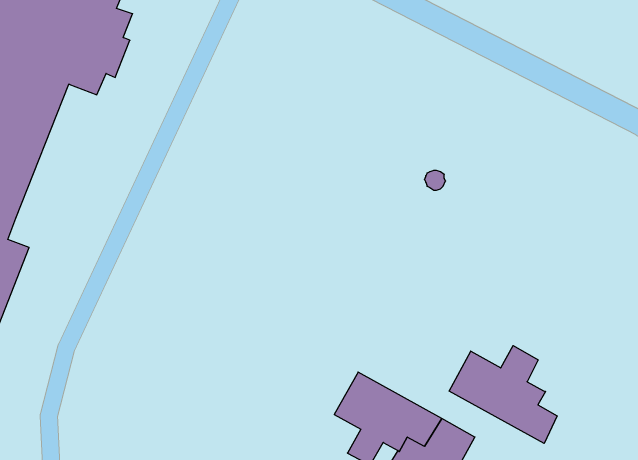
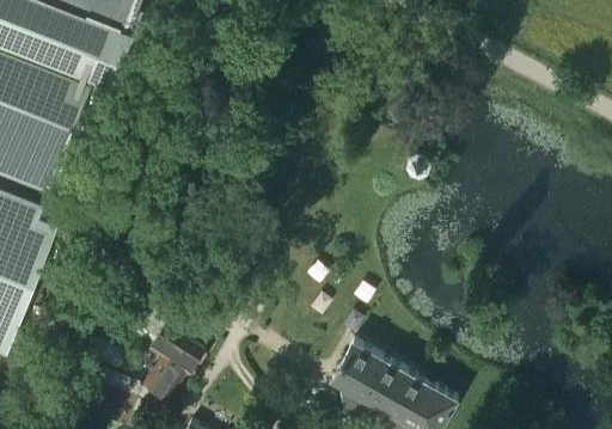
building: [449,346,557,443] -> none
building: none -> [142,326,202,402]

